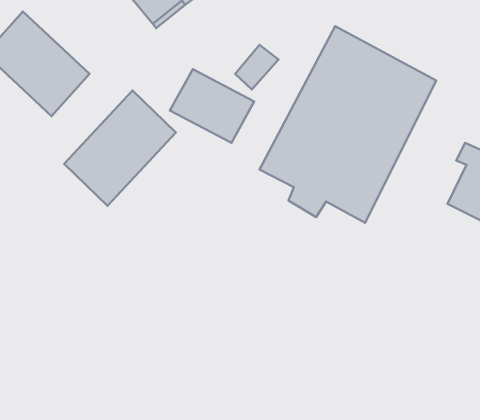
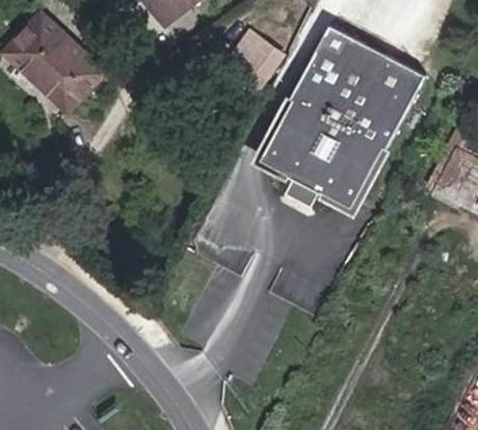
building: [170,69,254,143] -> none
building: [64,90,176,206] -> none

